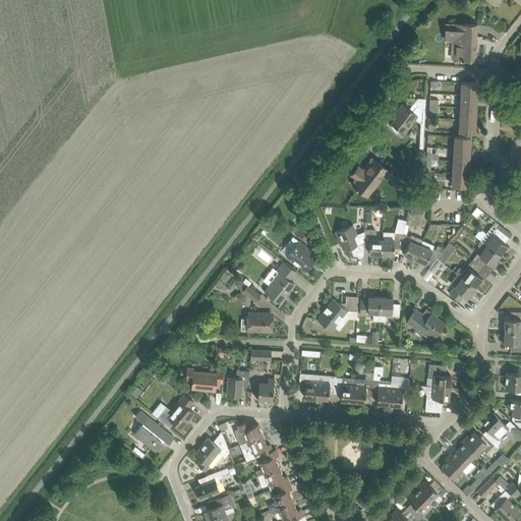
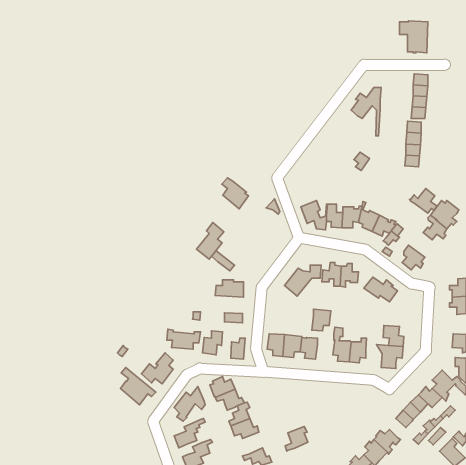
building: [352,161,392,196] -> none
building: [286,237,315,272] -> [222,178,248,209]
building: [454,260,484,288] -> [409,189,437,213]
building: [266,263,296,303] -> [197,223,224,259]
building: [352,379,373,403] -> [312,309,331,331]
building: [268,483,293,511] -> [285,427,308,451]

